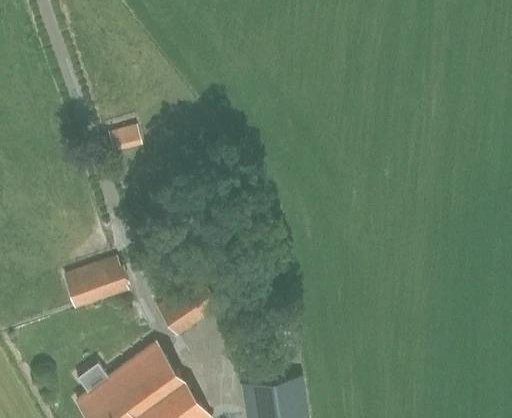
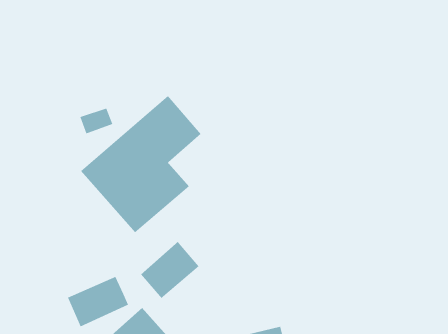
building: none -> [80,95,202,233]
building: [62,257,127,308] -> [67,276,129,327]

